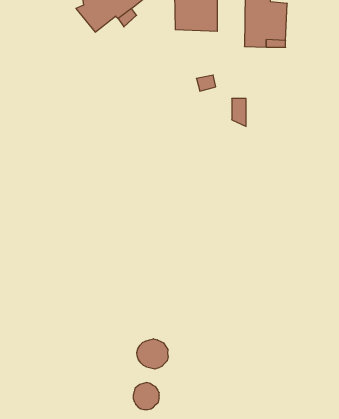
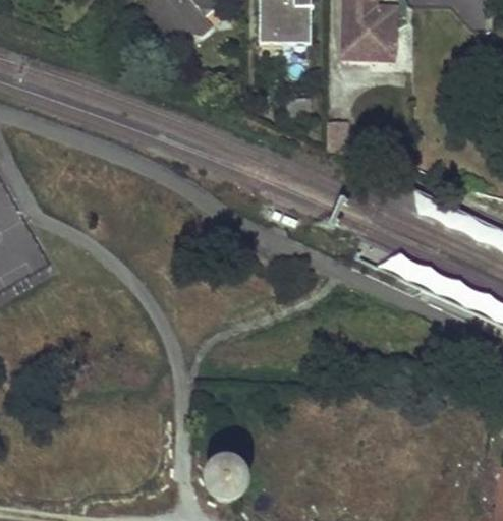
building: [137,339,168,369] -> none

